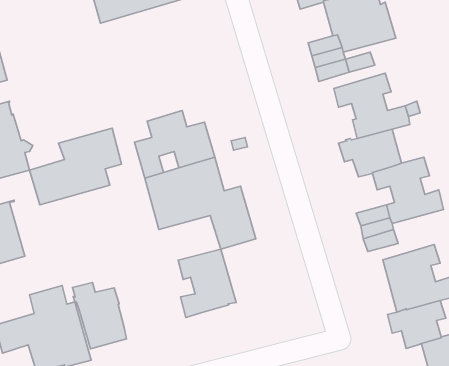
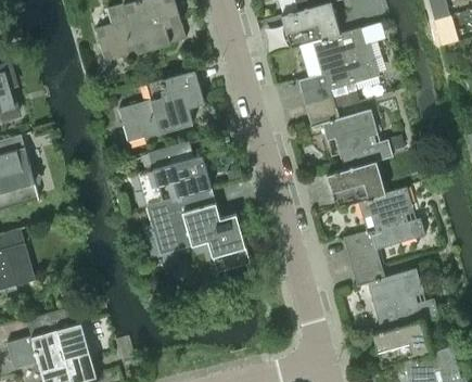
building: [29,128,122,205] -> [118,69,204,141]
building: [178,249,236,317] -> none
building: [72,283,126,349] -> none

